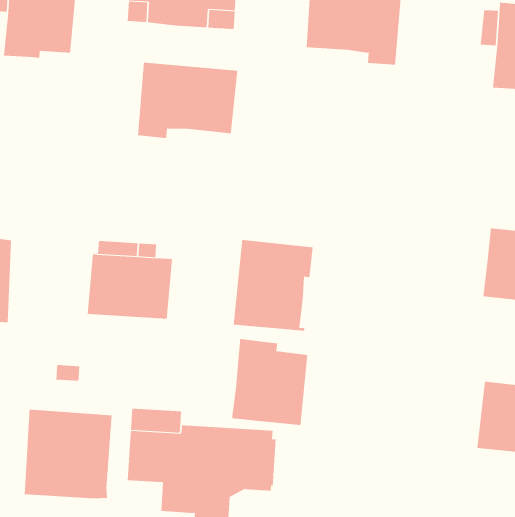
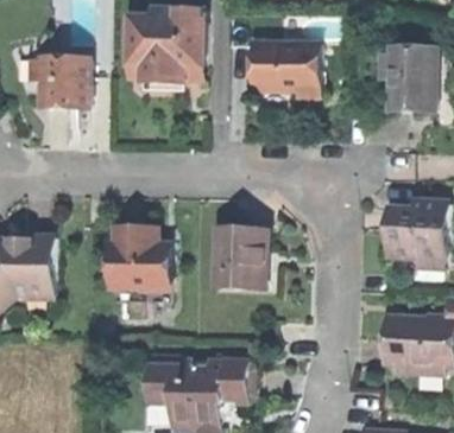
building: [137,62,238,139] -> none
building: [232,338,308,426] -> none
building: [24,409,112,499] -> none

